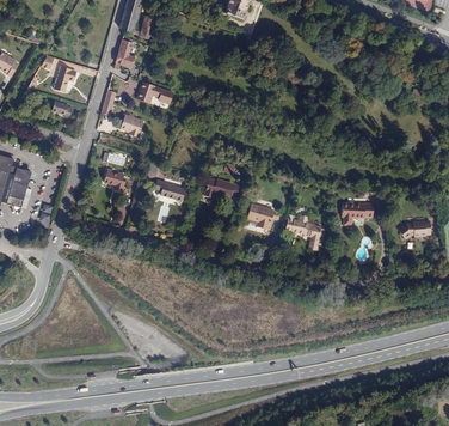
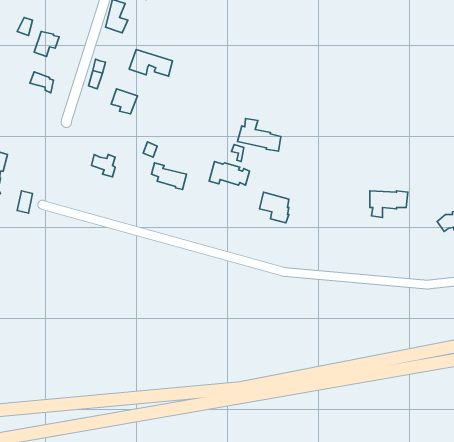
building: none -> [238,119,281,151]
building: [285,212,321,250] -> none

